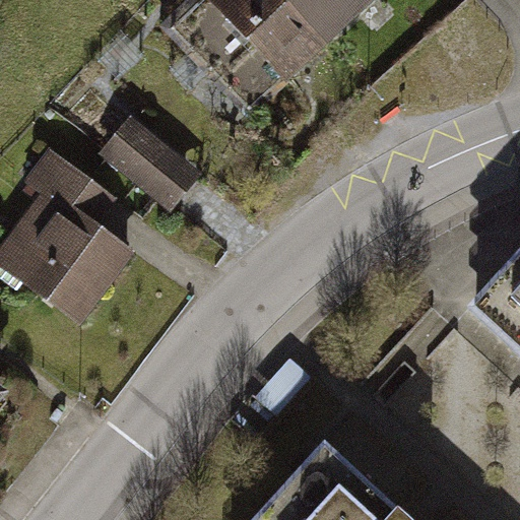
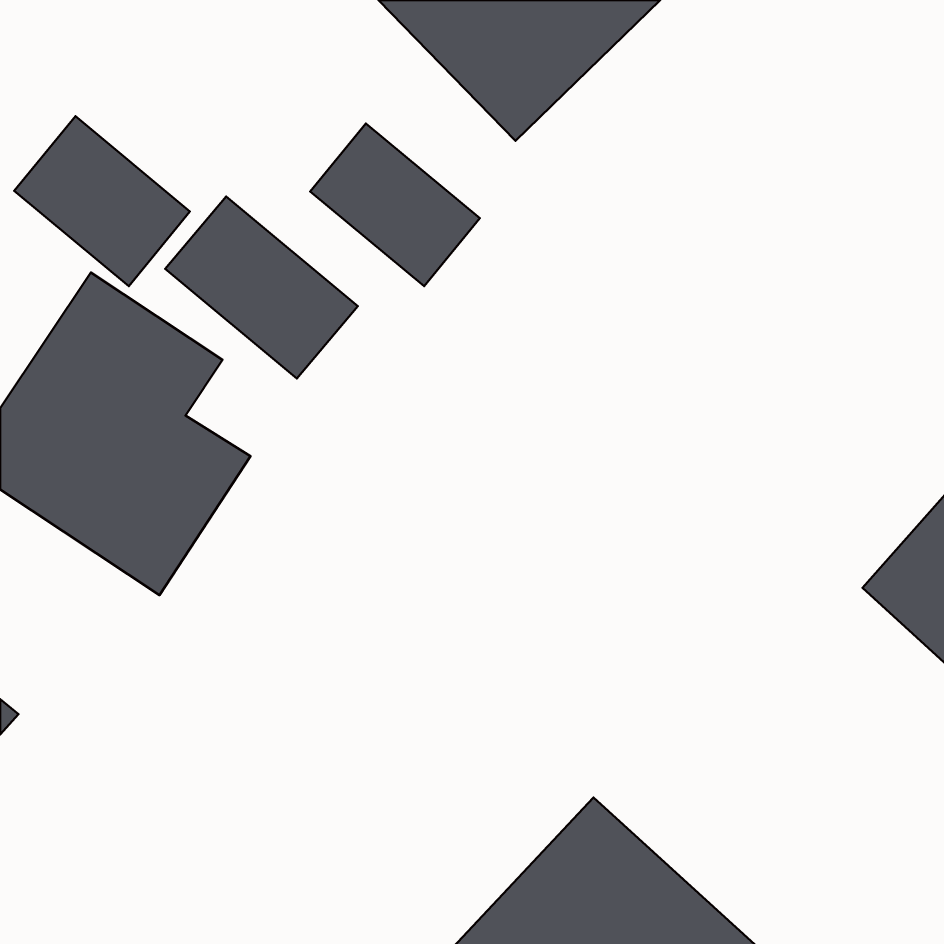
building: none -> [14,116,190,286]
building: none -> [310,123,480,286]

